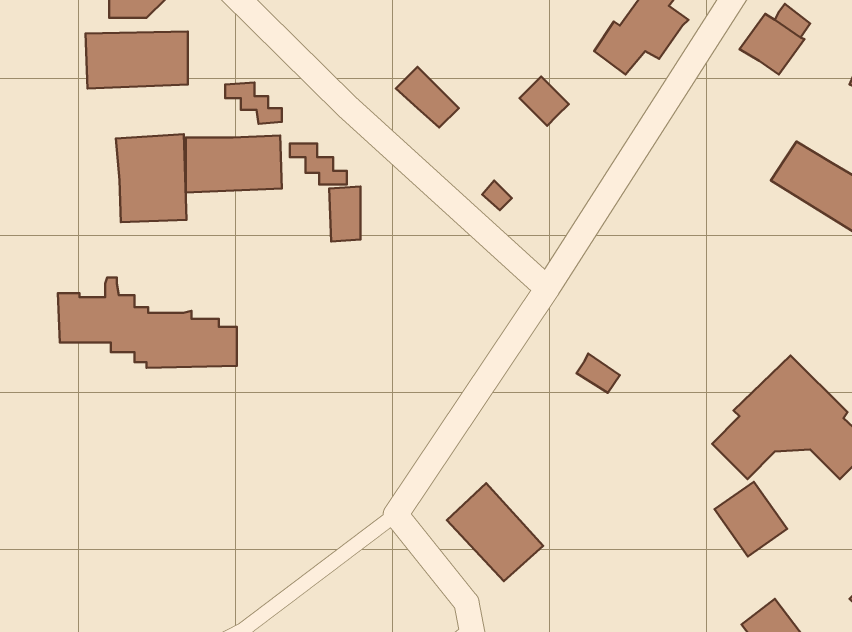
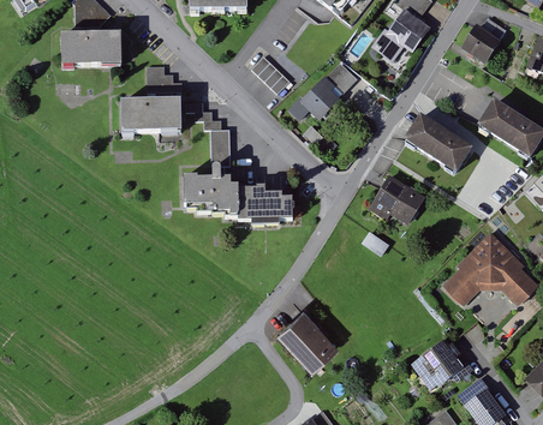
building: none -> [288,76,341,119]
building: [116,134,187,222] -> none
building: none -> [404,114,472,172]
building: none -> [369,176,423,221]
building: [58,278,237,368] -> [183,164,292,220]
building: [714,482,787,556] -> [422,341,466,387]

